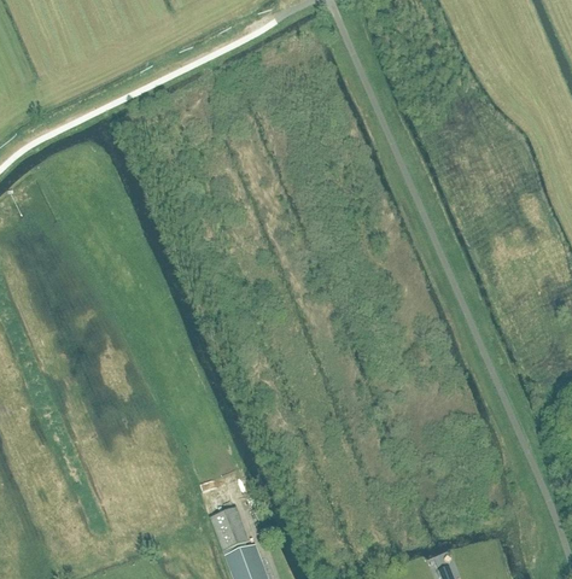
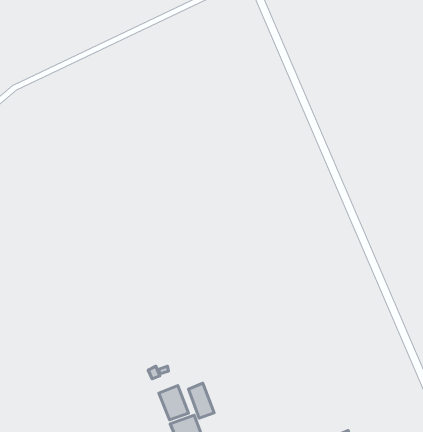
building: none -> [189,383,214,418]

